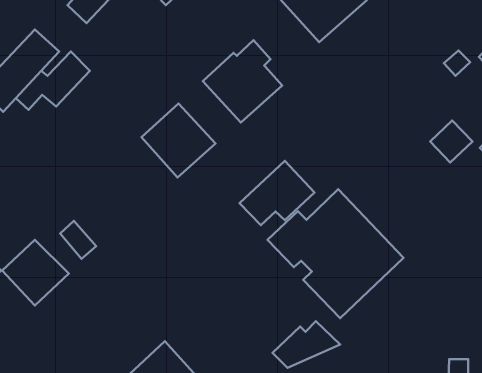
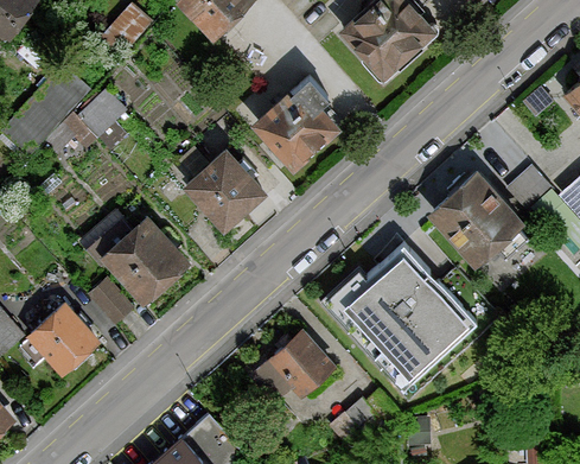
building: none -> [427,170,523,267]
building: none -> [77,209,190,306]
building: [240,161,315,225] -> [250,329,334,401]

